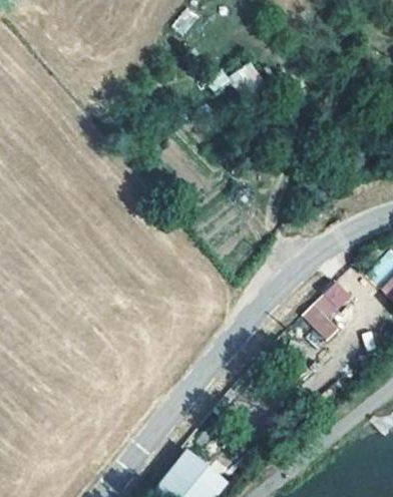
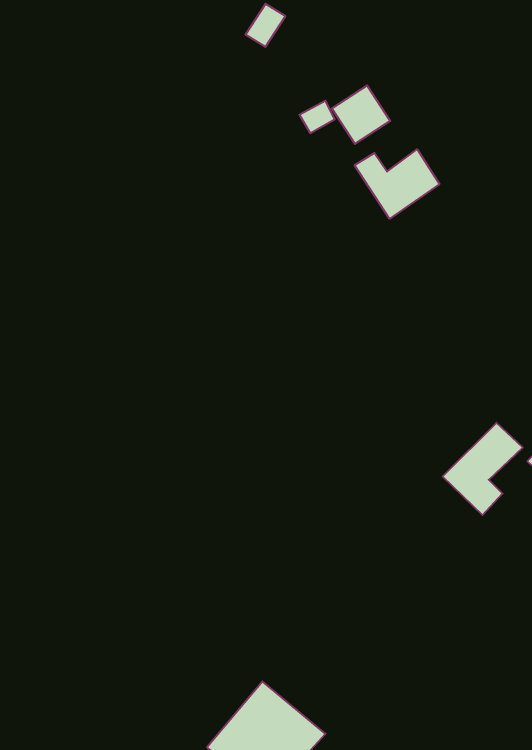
building: none -> [355,149,439,219]

